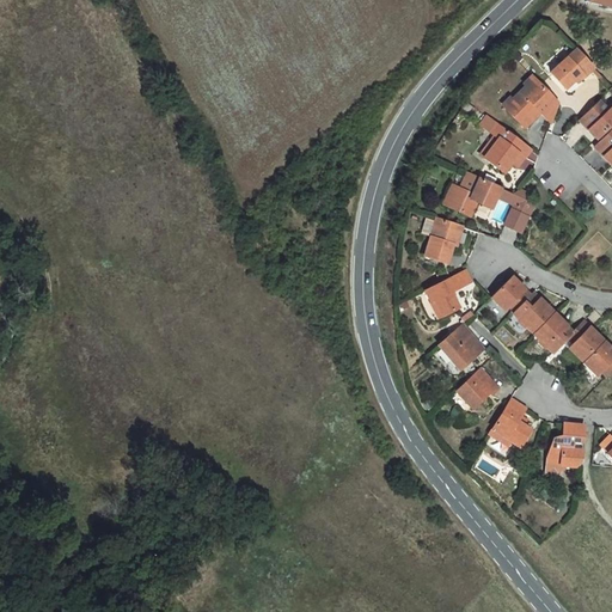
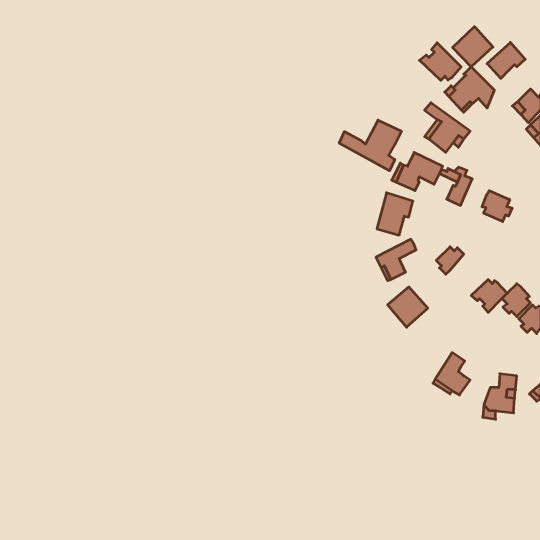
building: none -> [453,27,493,67]
building: none -> [419,43,461,80]
building: none -> [339,120,401,171]
building: none -> [482,191,512,222]
building: [509,287,550,331] -> none
building: [457,368,500,408] -> none

